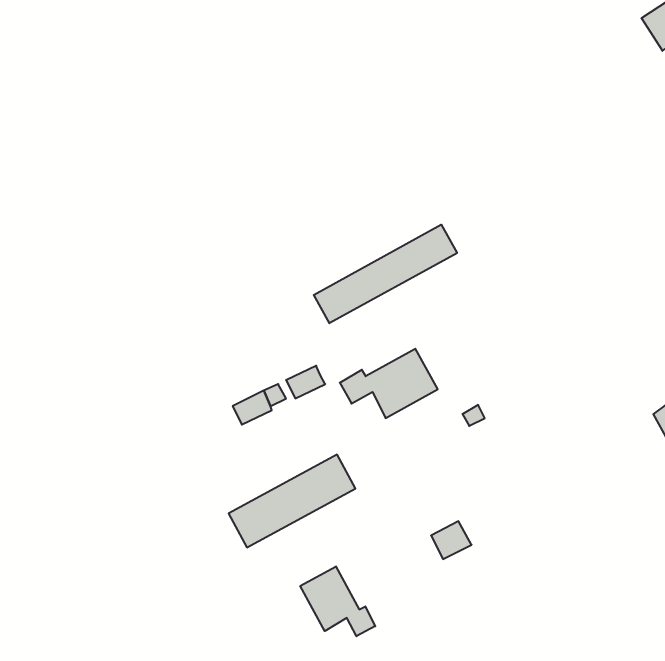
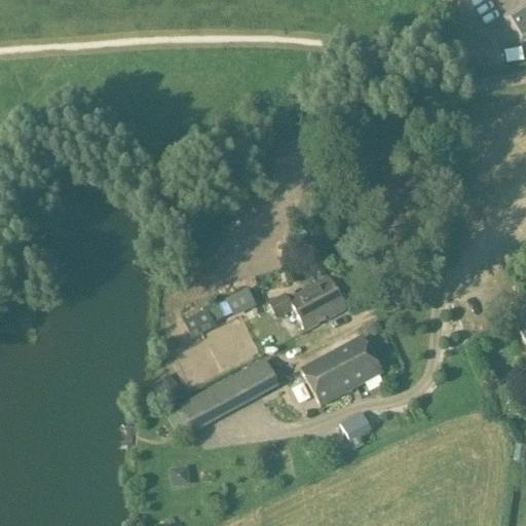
building: [314,225,457,323] -> none
building: none -> [301,335,382,404]
building: [300,566,375,636] -> none

